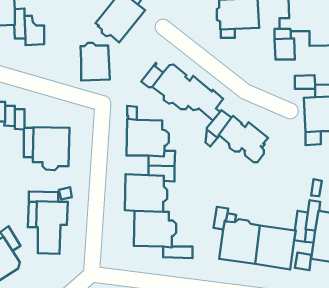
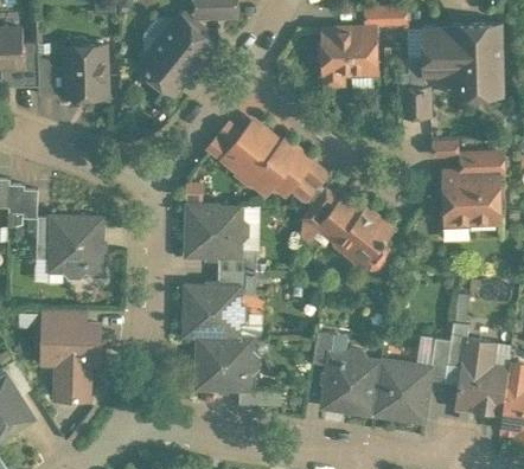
building: [81,43,110,80] -> [64,41,107,96]

